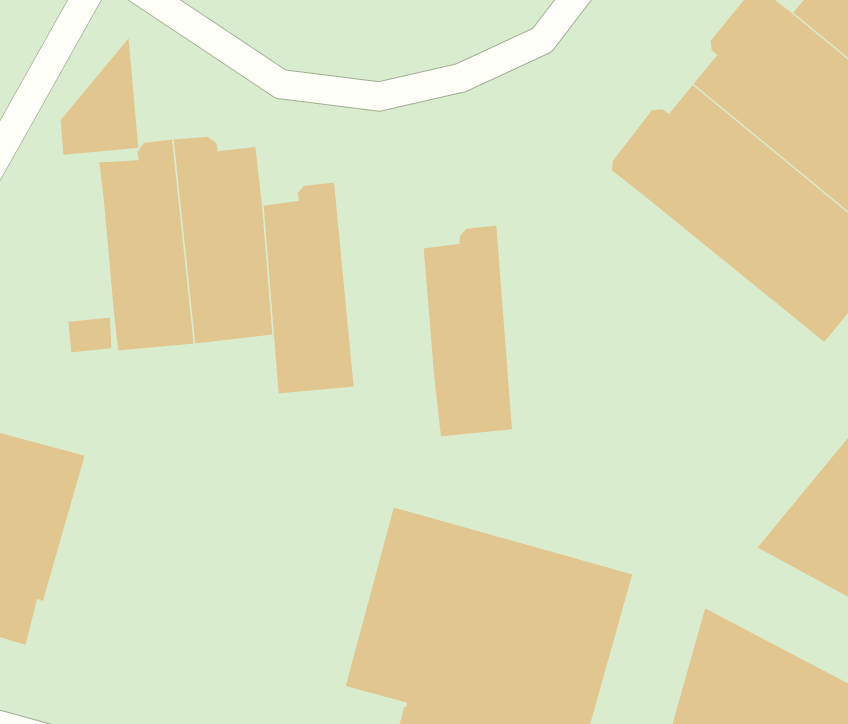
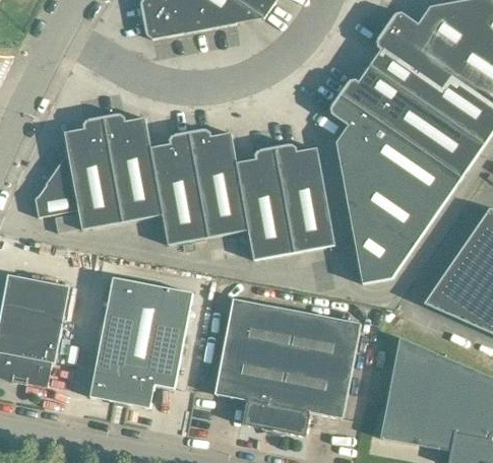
building: [60,36,139,155] -> [36,151,78,216]
building: none -> [188,128,248,237]
building: none -> [336,124,450,282]
building: none -> [274,143,335,252]
building: none -> [90,276,193,407]

